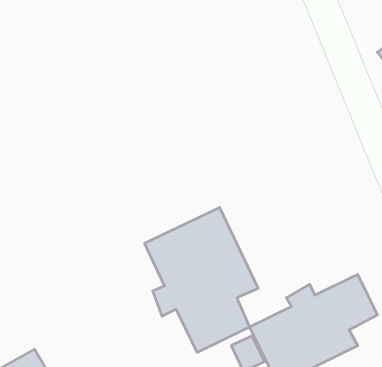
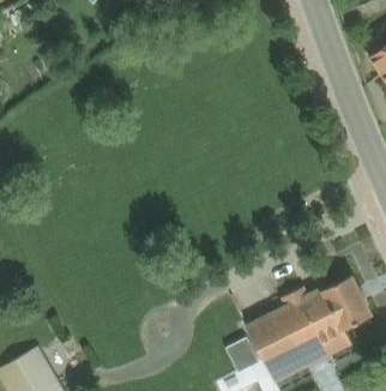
building: [145,207,258,352] -> none

